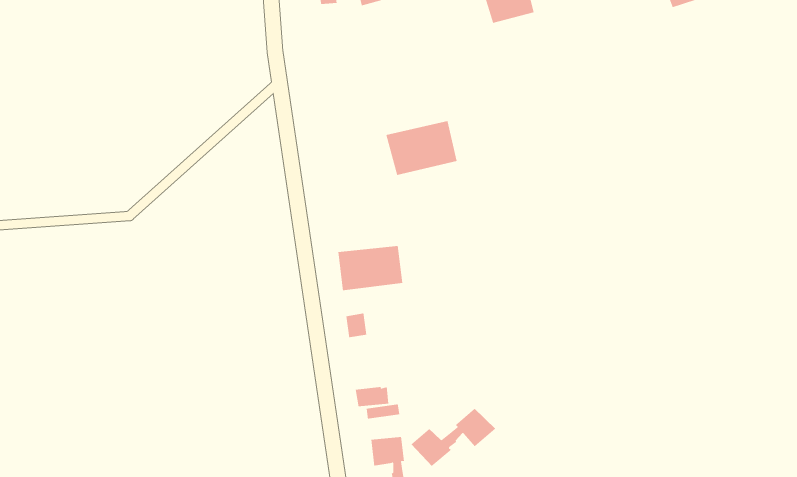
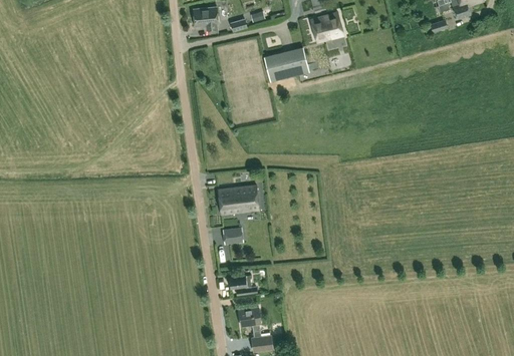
building: [386,121,457,175] -> [263,46,309,81]
building: [410,408,496,467] -> none

